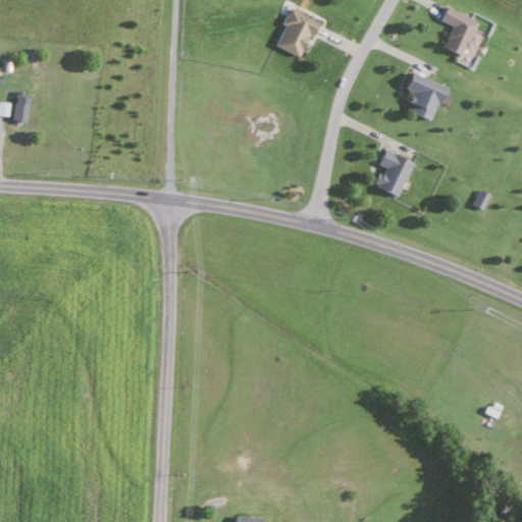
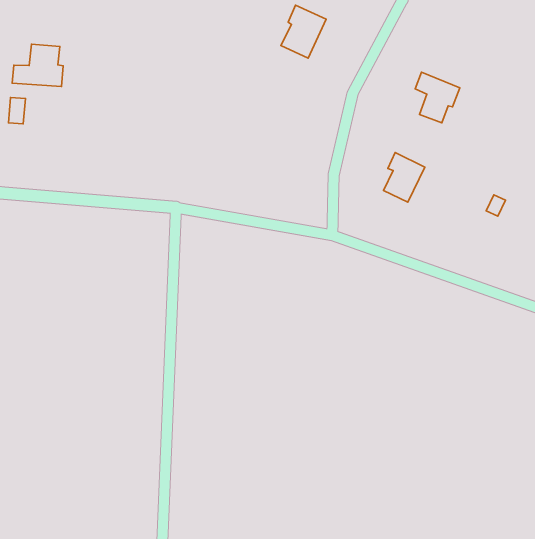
building: [441,6,480,56] -> none
building: none -> [12,44,63,86]

